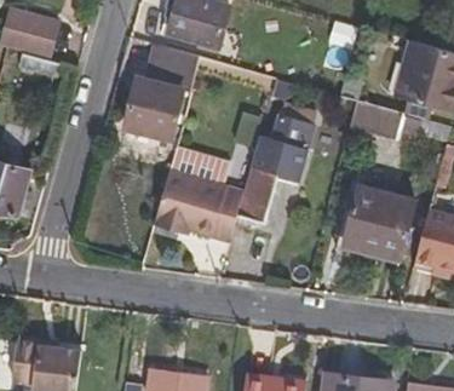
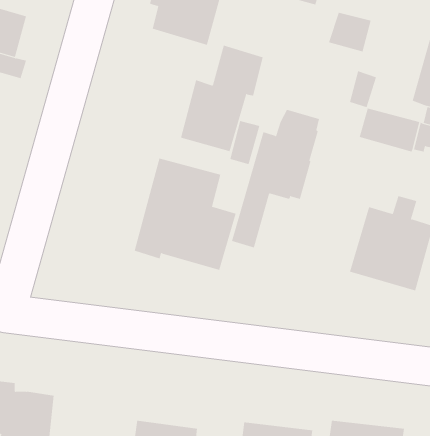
building: [126,46,199,139] -> [180,45,263,152]

